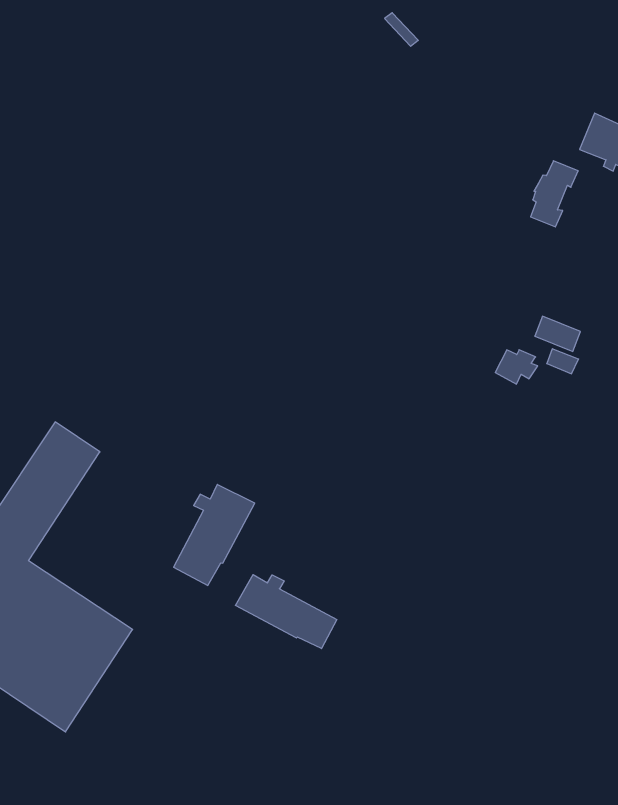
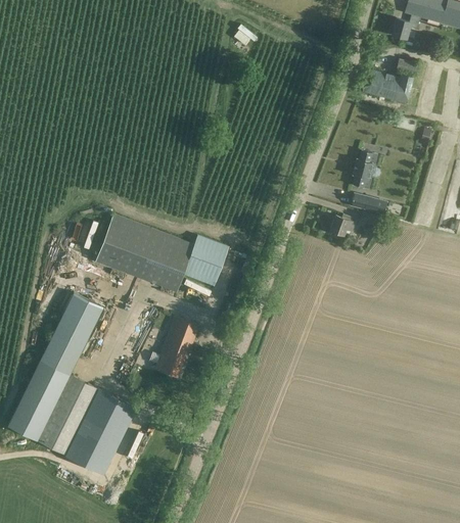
building: [531,161,578,227] -> [353,150,377,189]
building: none -> [95,213,228,292]
building: [235,575,337,649] -> none

